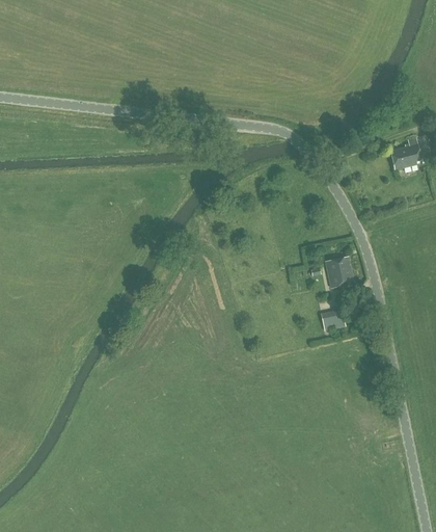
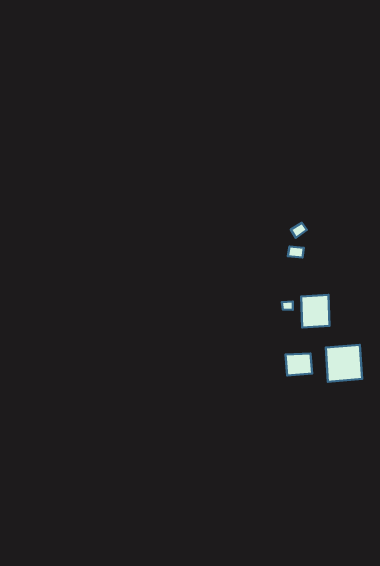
building: none -> [326,345,362,382]

